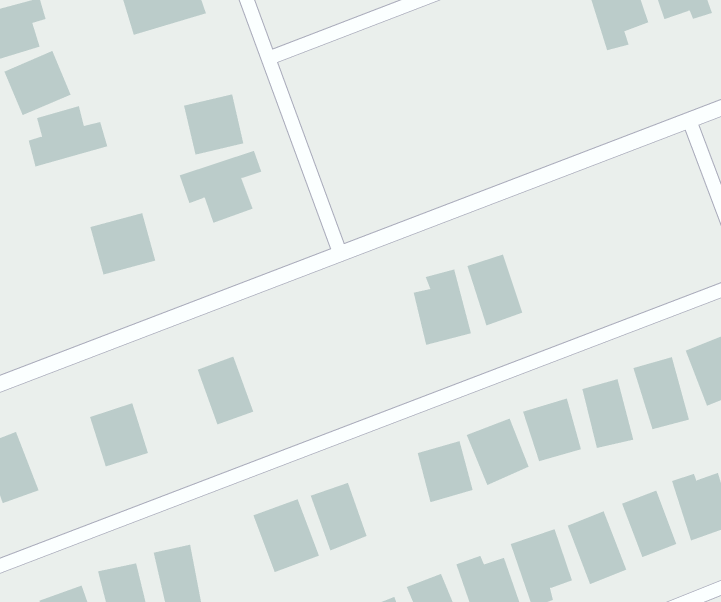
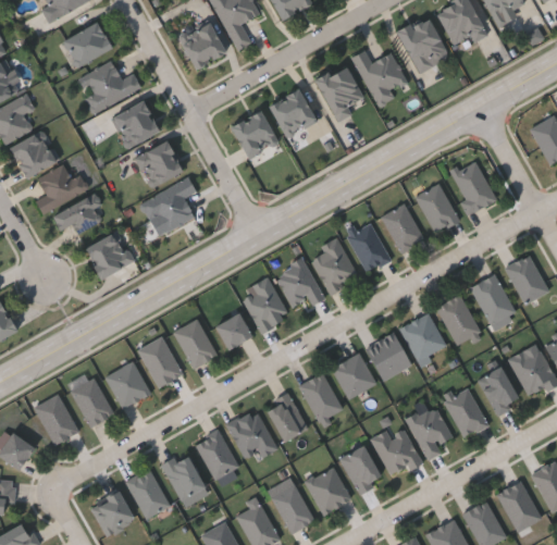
building: none -> [354,50,411,104]
building: none -> [317,64,364,122]
building: none -> [114,102,160,147]
building: none -> [271,88,318,136]
building: none -> [233,111,278,159]
building: none -> [52,194,103,234]
building: none -> [451,160,497,215]
building: none -> [416,184,459,233]
building: none -> [382,205,425,253]
building: none -> [274,259,325,307]
building: none -> [240,278,290,333]
building: none -> [214,313,251,350]
building: none -> [140,338,182,387]
building: none -> [72,379,113,426]
building: none -> [299,373,344,423]
building: none -> [195,431,239,481]

